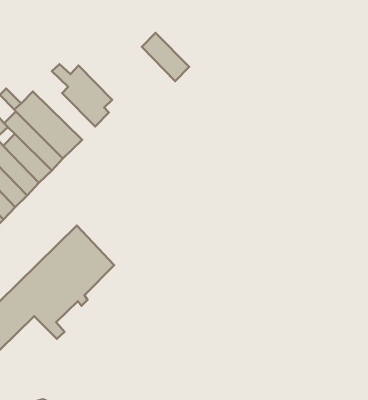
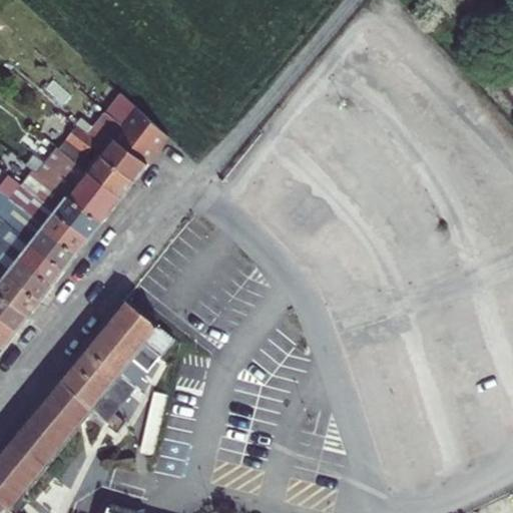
building: [142,33,189,81] -> [104,98,161,151]
building: none -> [55,126,131,201]

